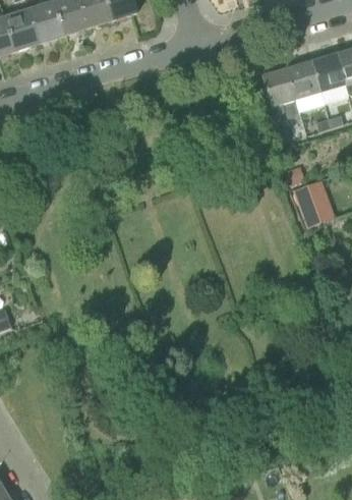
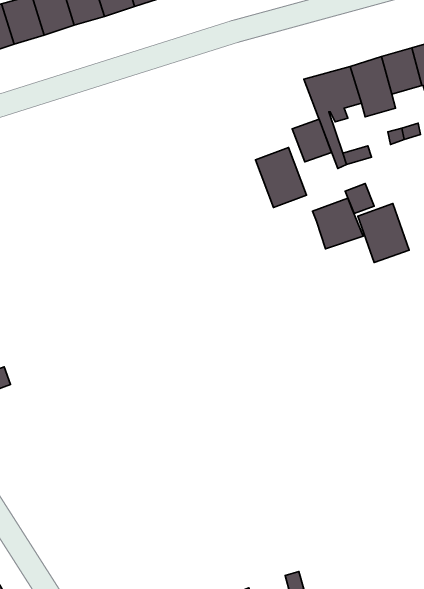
building: none -> [292,119,332,162]
building: none -> [255,147,307,208]
building: none -> [312,198,363,249]

